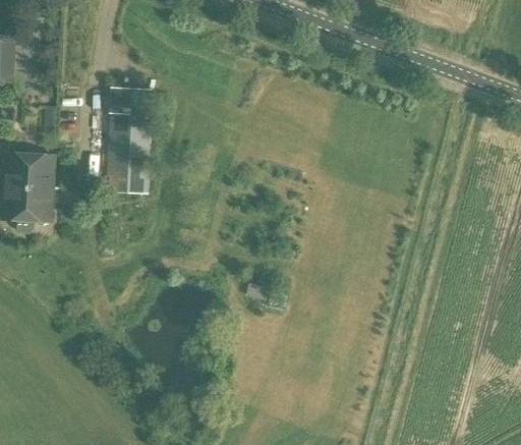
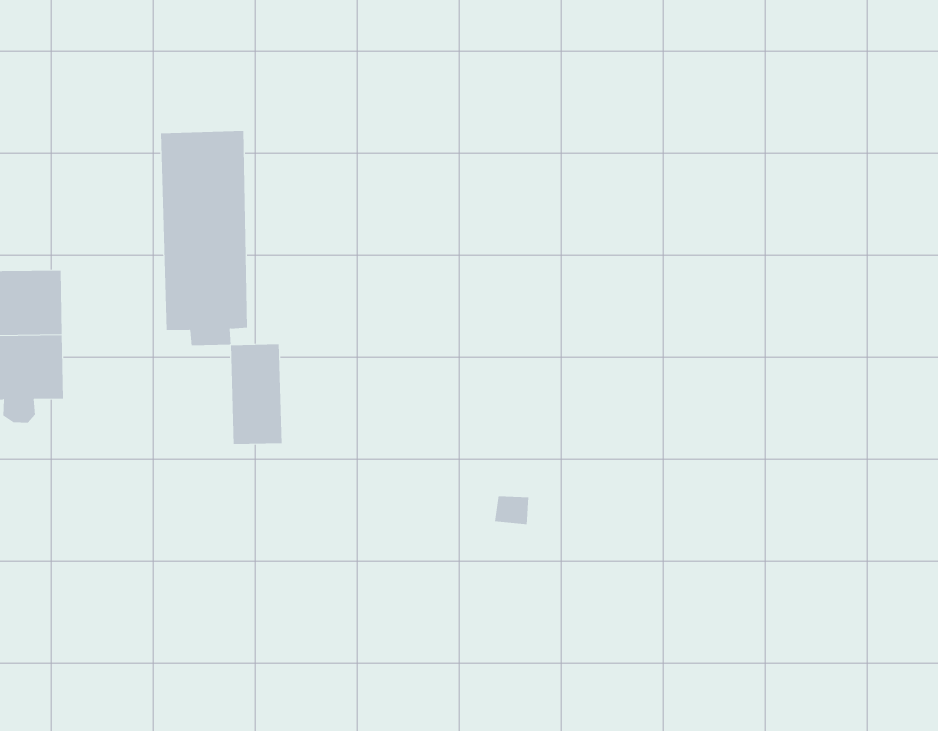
building: none -> [230,344,282,445]

